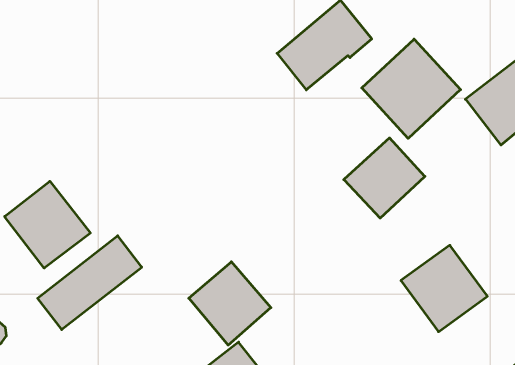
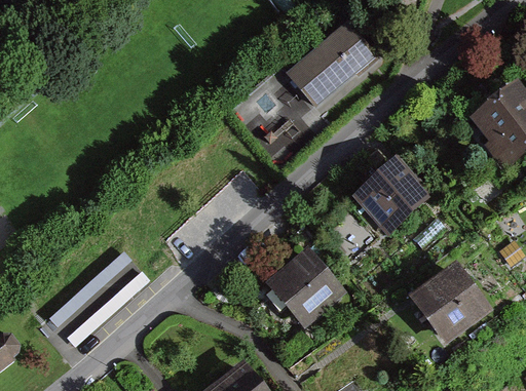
building: [362,39,461,138] -> none
building: [5,181,90,268] -> none
building: [189,262,271,345] -> [264,248,345,330]

